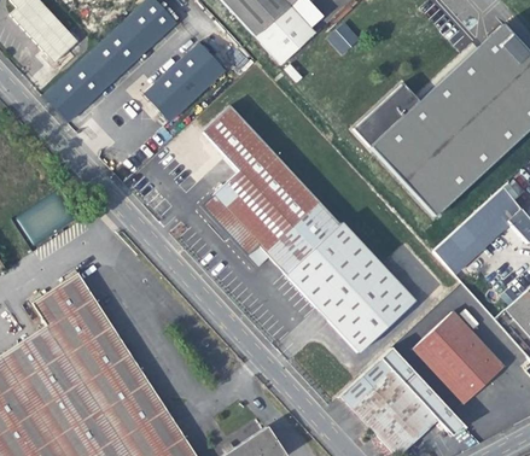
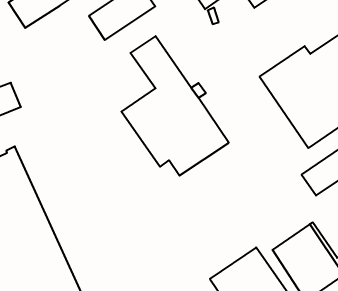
building: [284,223,413,353] -> none

